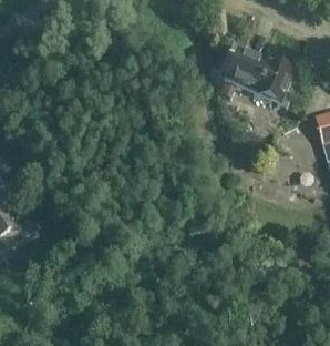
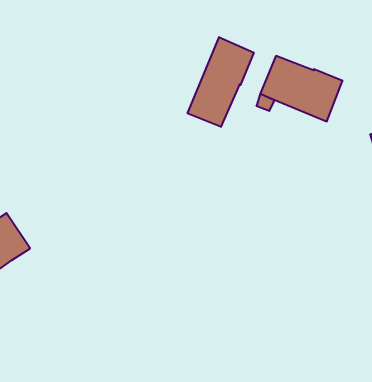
building: none -> [188,37,254,127]

